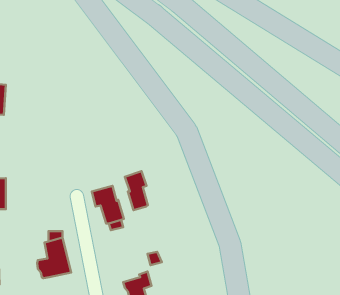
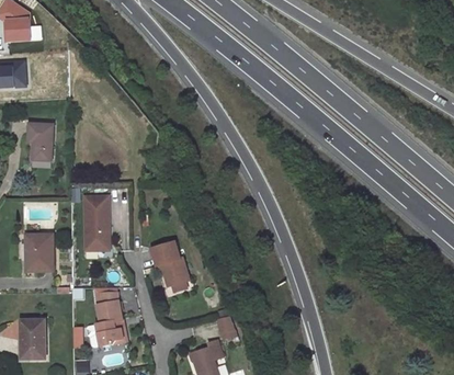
building: none -> [84,198,110,246]
building: [125,171,148,210] -> none

